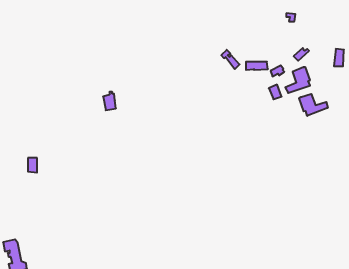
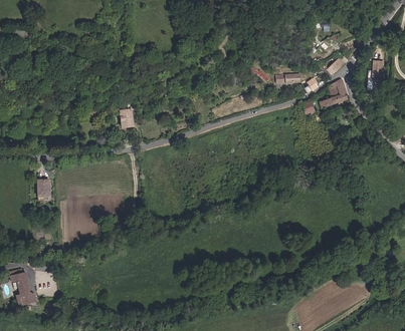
building: [299,94,328,116] -> none

